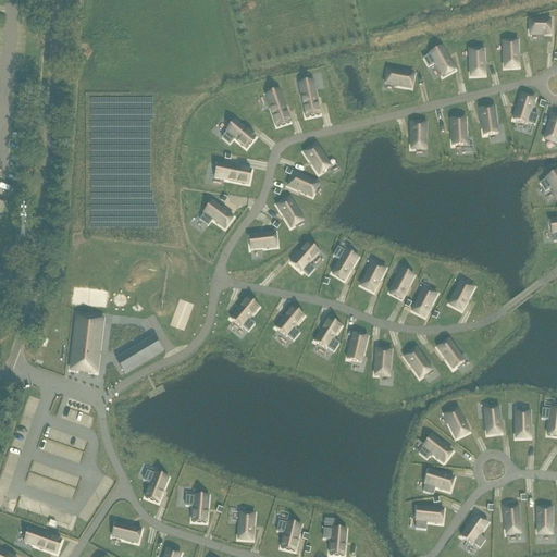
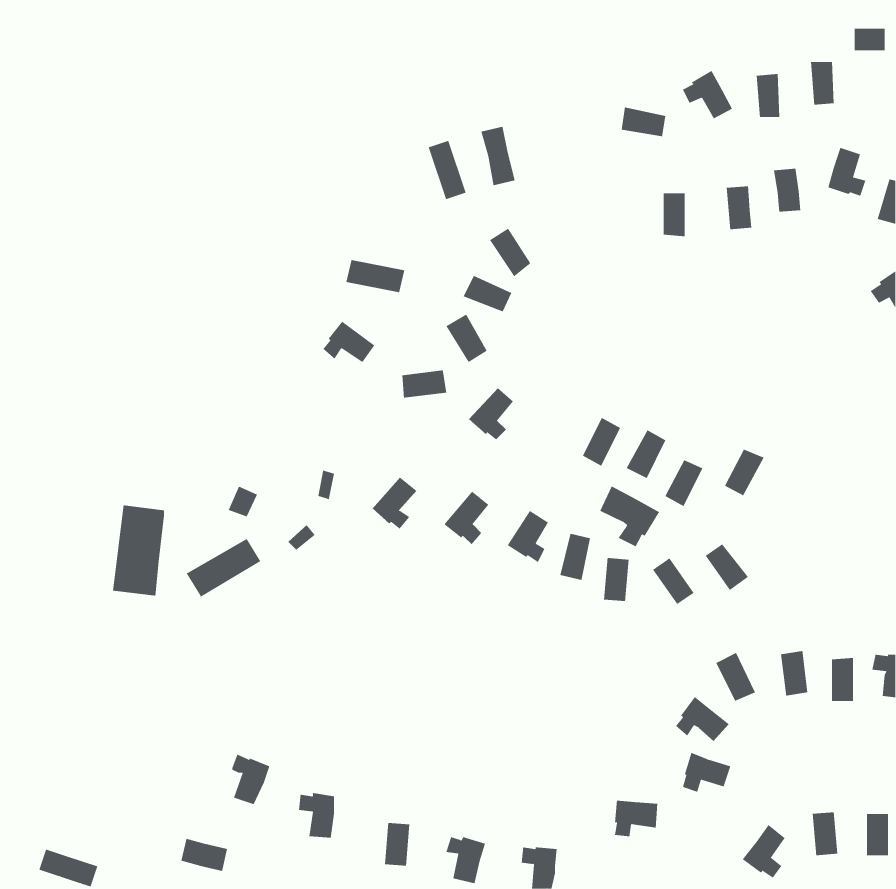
building: [222,117,255,146] -> none
building: [332,245,358,277] -> none
building: none -> [599,485,660,547]
building: [416,504,443,527] -> [614,800,658,837]

